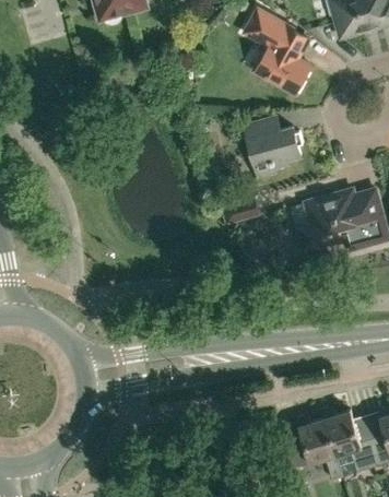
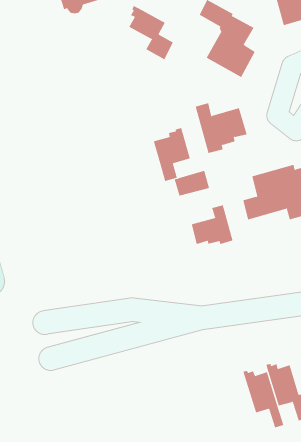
building: none -> [128,5,174,60]
building: none -> [153,127,190,182]
building: none -> [191,204,233,245]

